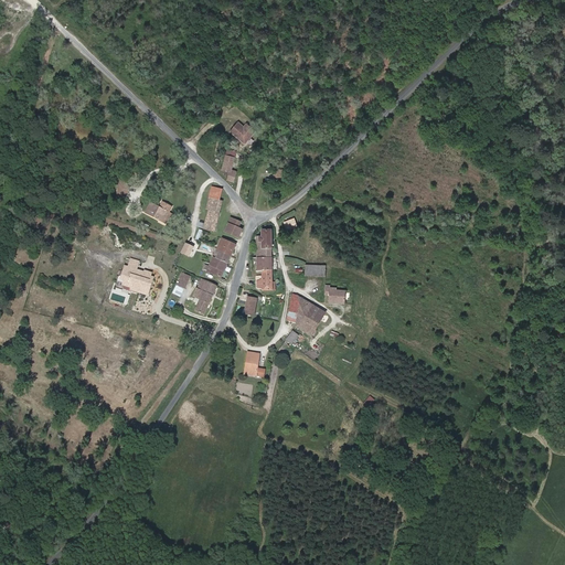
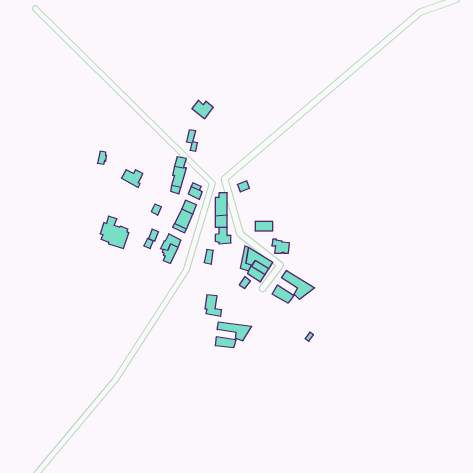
building: none -> [272,270,315,303]
building: none -> [215,322,252,348]

